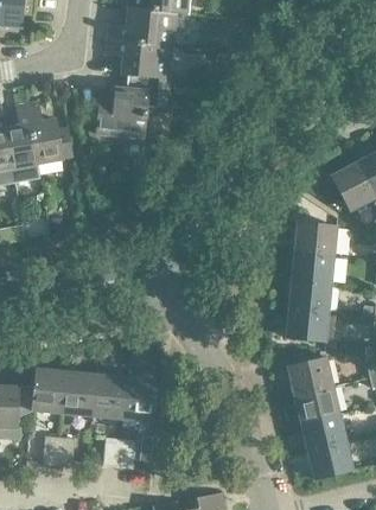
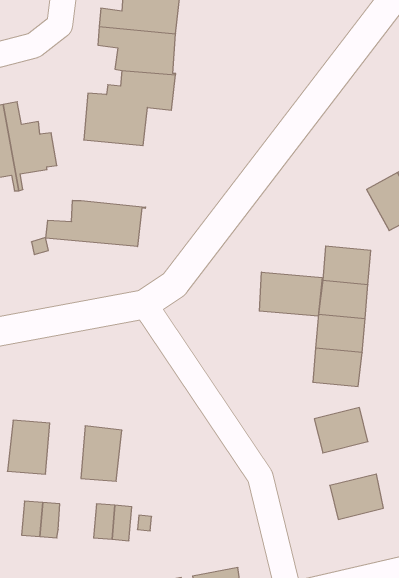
building: none -> [46,200,146,247]
building: none -> [259,272,322,316]
building: [63,370,96,416] -> none
building: [122,376,158,426] -> none
building: [295,385,340,422] -> none
building: [308,441,353,479] -> none

